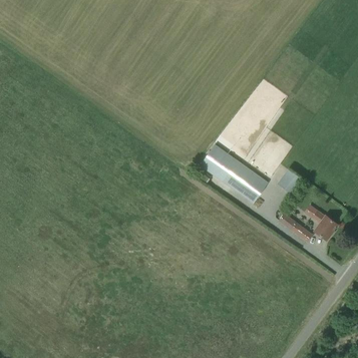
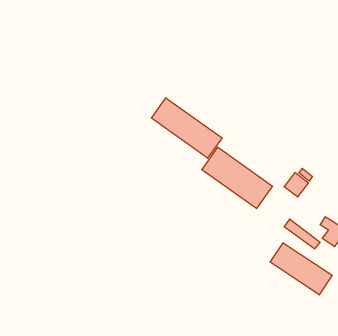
building: none -> [151,98,222,158]
building: none -> [270,243,332,295]

